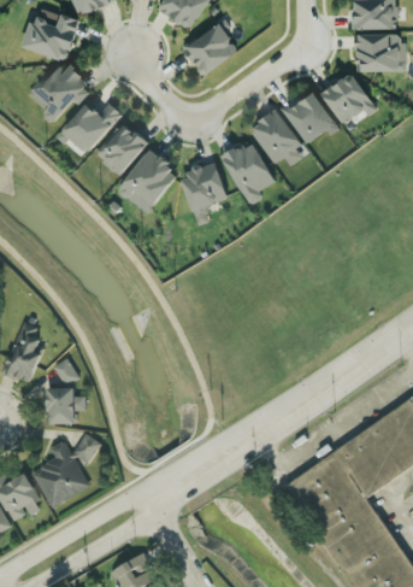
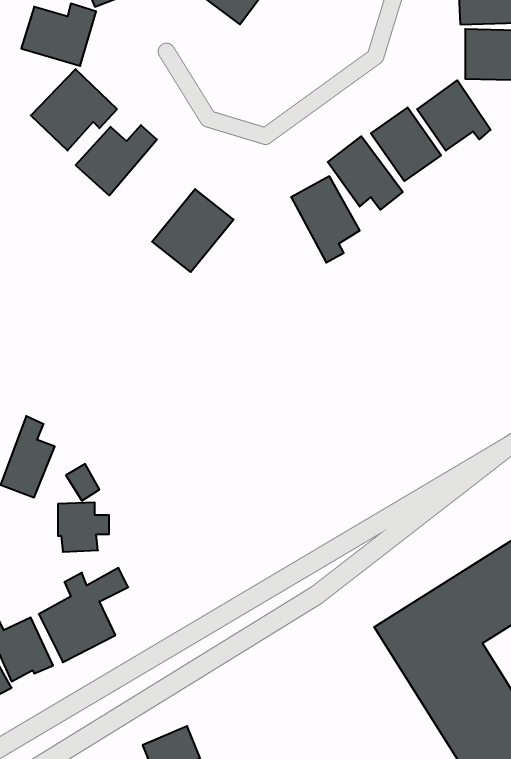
building: [181,16,235,72] -> none
building: [95,122,148,176] -> none
building: [181,163,228,225] -> none

